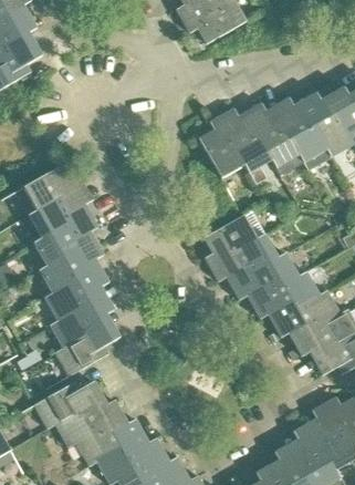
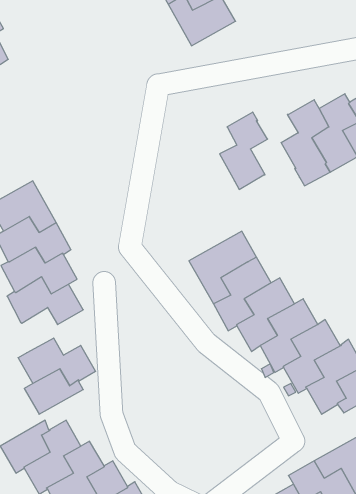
building: [258,97,302,174] -> none
building: [197,116,246,178] -> none
building: [43,279,113,322] -> none

